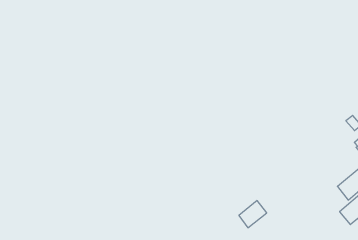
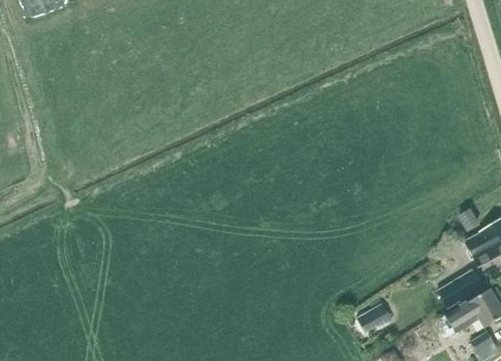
building: [239,201,267,228] -> [360,301,393,331]

